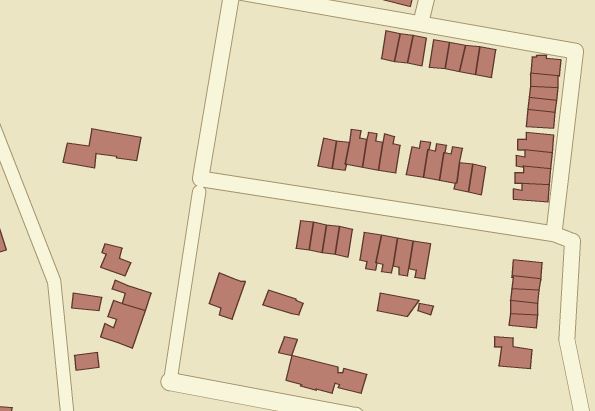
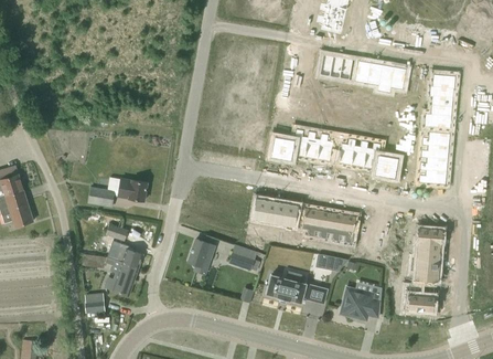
building: [63,129,141,168] -> [87,177,147,207]
building: none -> [340,282,381,320]
building: [286,356,367,393] -> [266,275,328,304]

